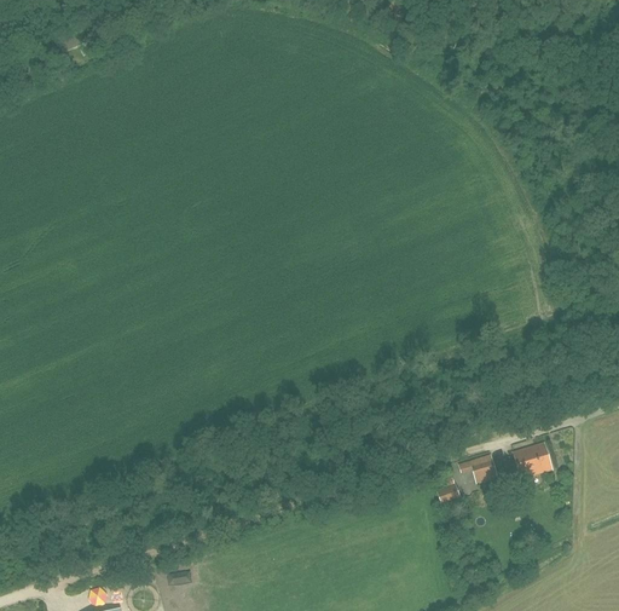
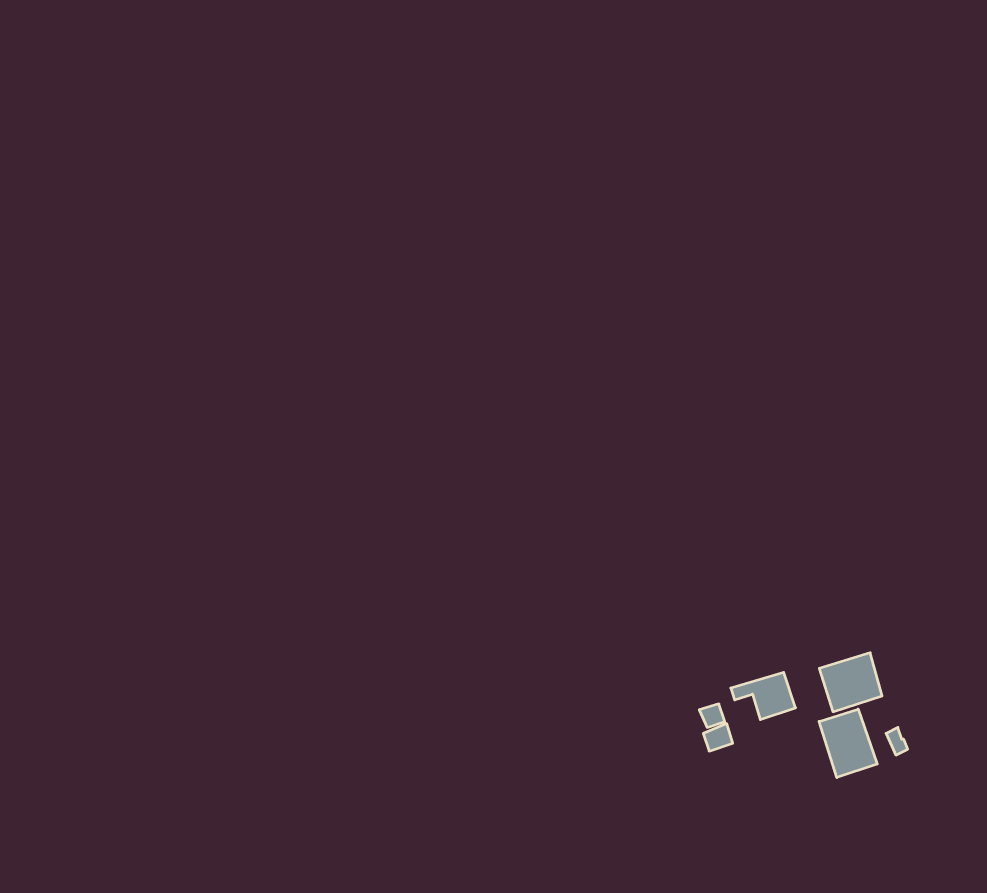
building: none -> [819,709,877,778]

